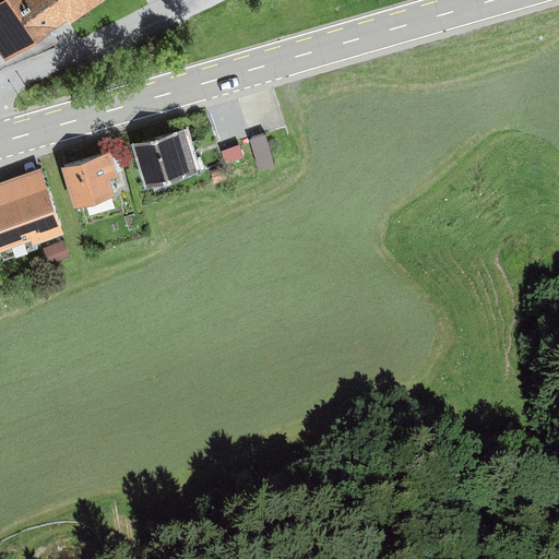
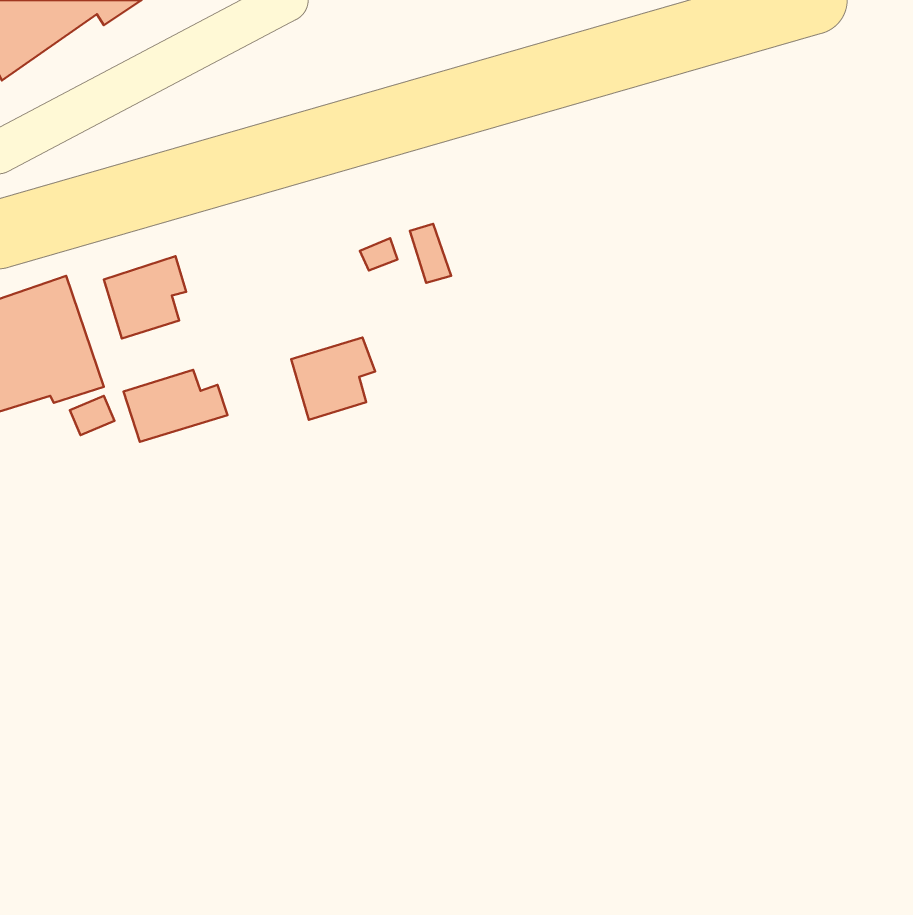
building: [134,134,186,185] -> [291,338,375,420]
building: none -> [123,370,227,442]

